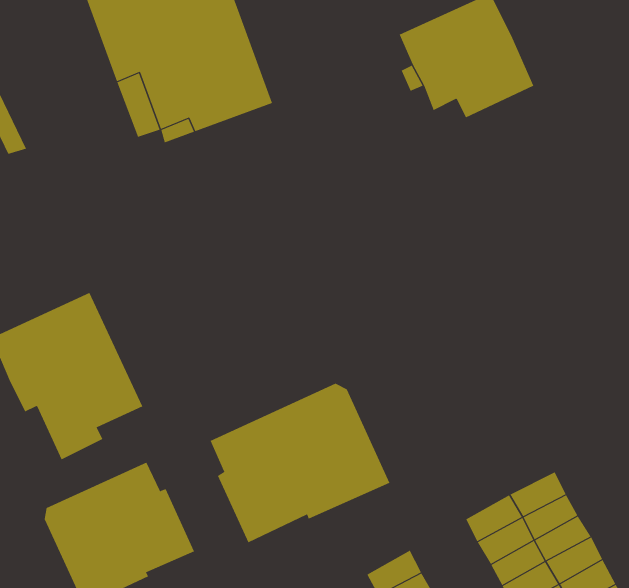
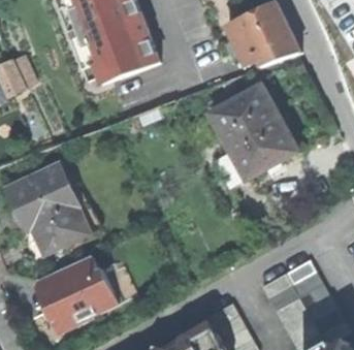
building: none -> [210,85,299,190]
building: [210,383,390,543] -> none

